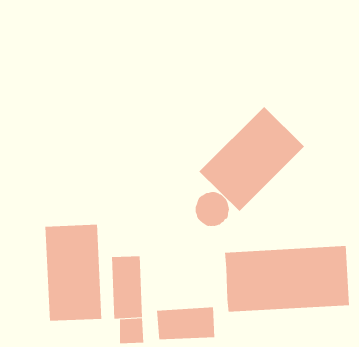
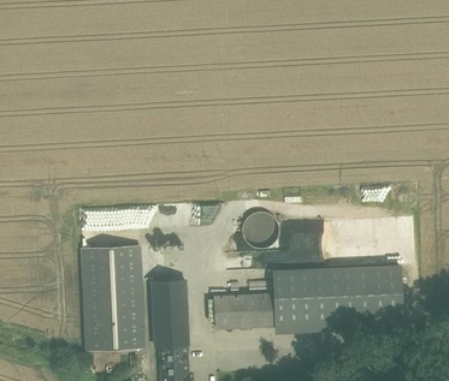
building: [199,106,305,212] -> none
building: [156,307,215,340] -> [213,290,276,325]

